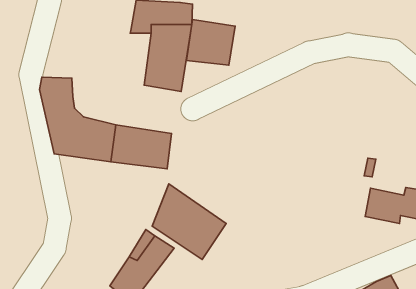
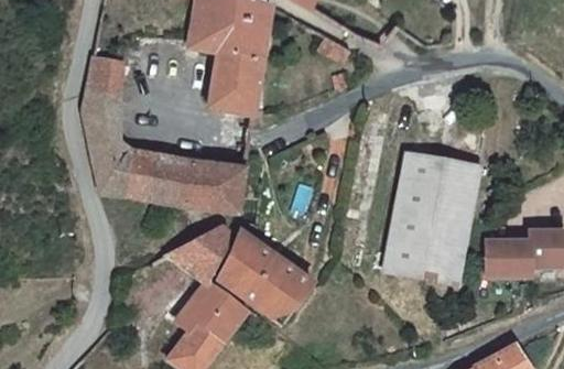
building: [186,20,235,65] -> none
building: none -> [82,58,119,98]
building: none -> [388,149,484,281]
building: none -> [161,228,230,286]

